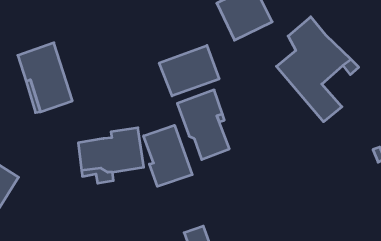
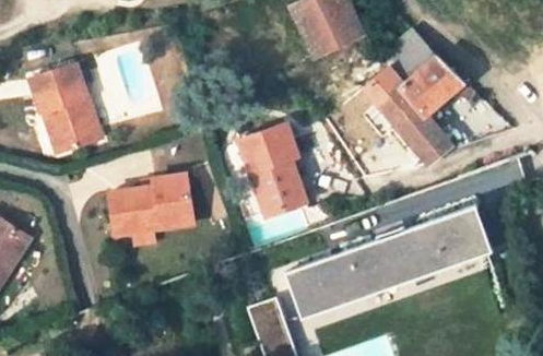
building: [159,45,219,96] -> none
building: [144,125,192,186] -> none
building: none -> [288,206,483,311]

